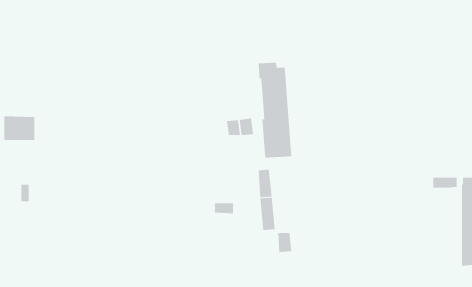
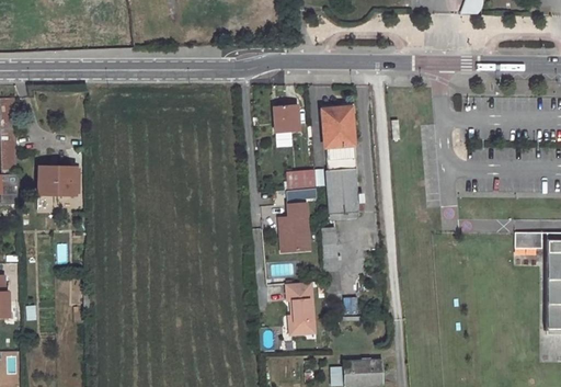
building: none -> [273,102,298,132]
building: none -> [279,202,310,250]
building: none -> [286,281,314,332]

